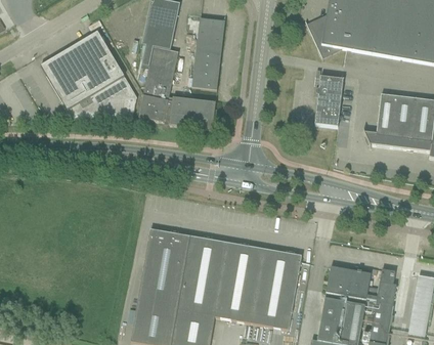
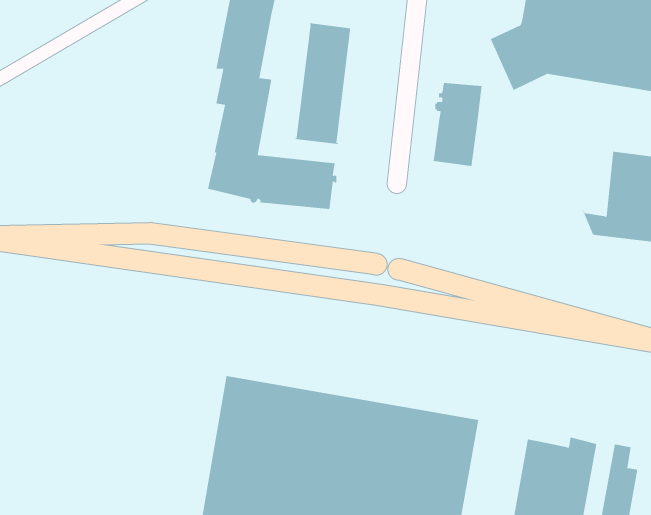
building: [40,30,137,117] -> none
building: [314,76,344,126] -> [433,83,483,166]

